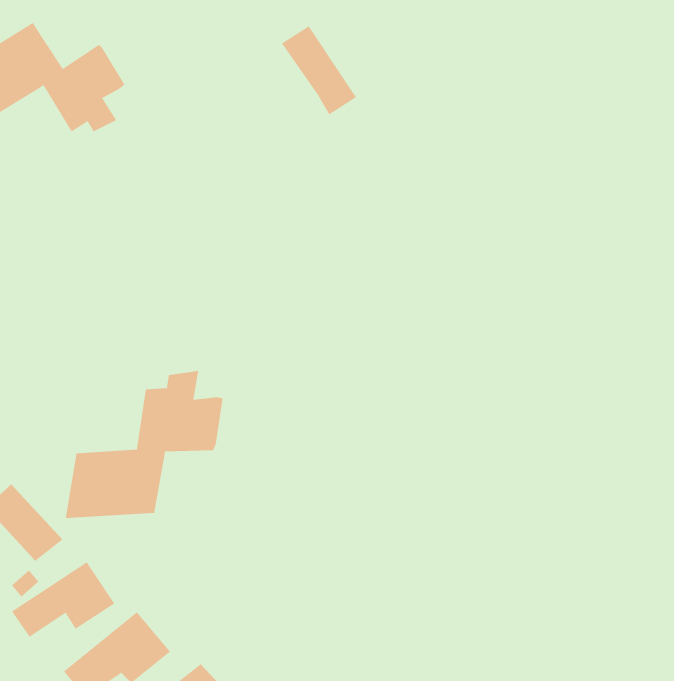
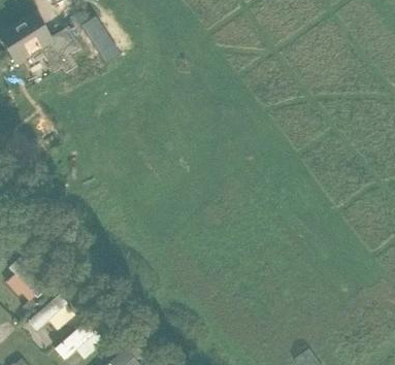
building: [281,25,357,115] -> [80,16,120,63]
building: [65,370,223,519] -> none

